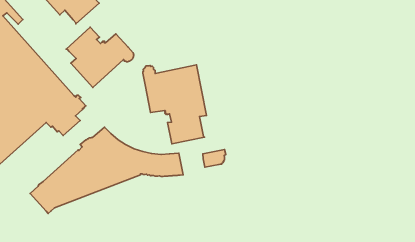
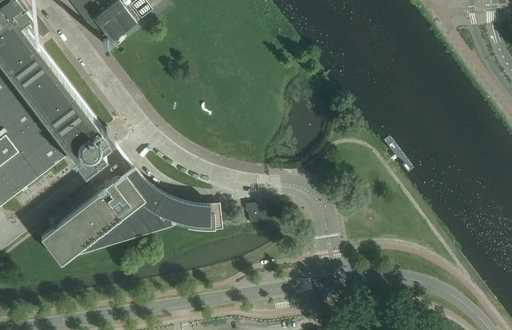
building: [66,27,134,88] -> none
building: [143,65,207,144] -> none

